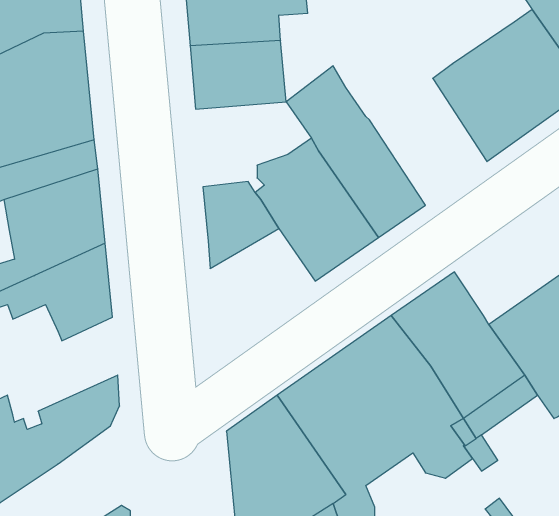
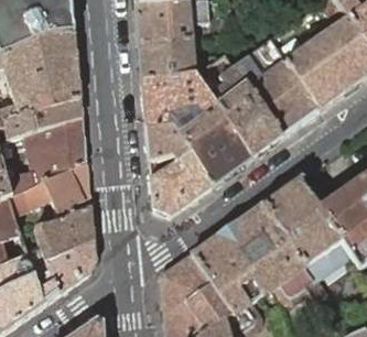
building: none -> [233,35,319,134]
building: none -> [141,72,212,127]
building: none -> [150,149,214,211]
building: none -> [26,203,94,271]

